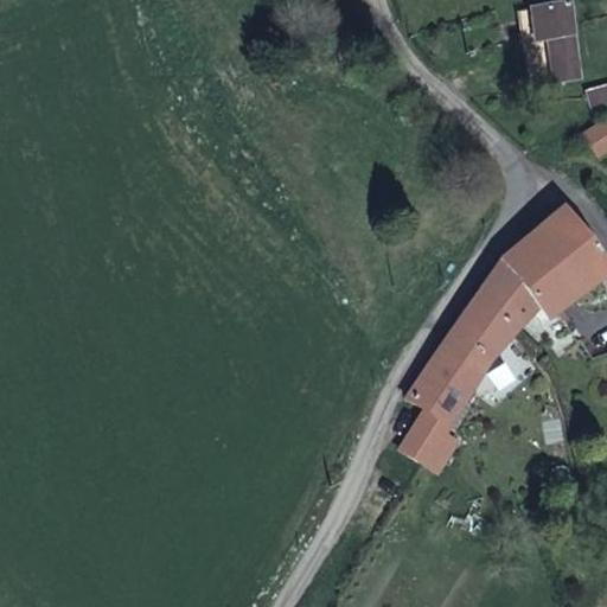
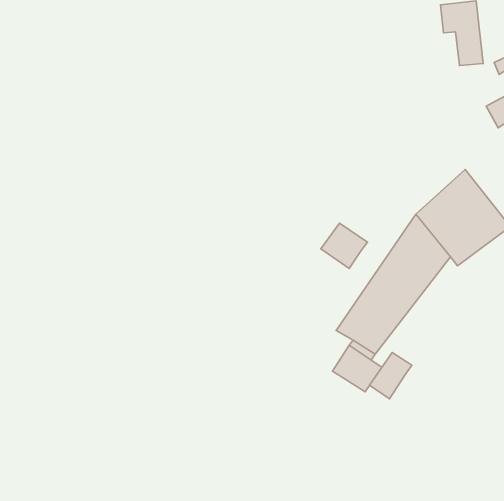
building: none -> [321,223,367,269]
building: none -> [370,352,412,399]

